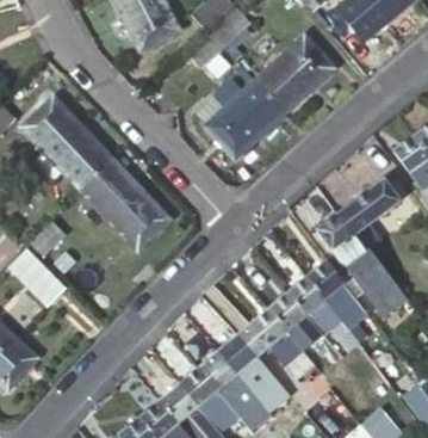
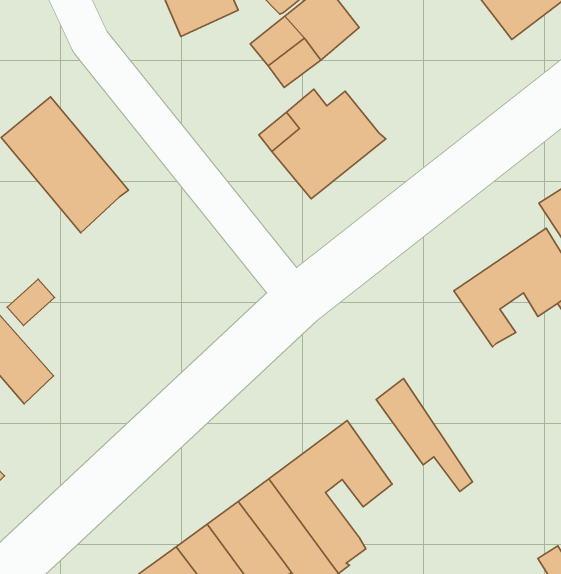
building: [255,37,334,112] -> none
building: [80,158,169,248] -> none
building: [316,214,403,311] -> none
building: [306,259,366,344] -> none
building: [269,291,323,351] -> none

